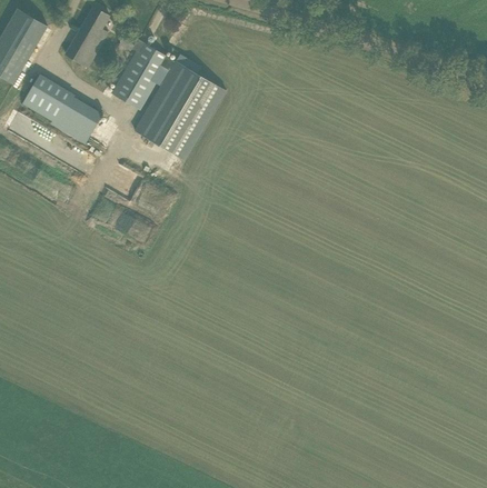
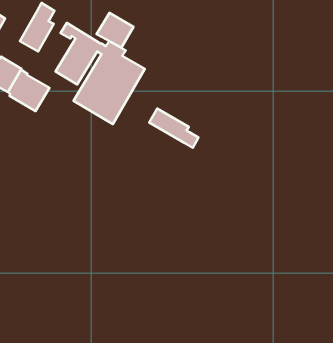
building: none -> [96,13,134,48]
building: none -> [149,108,198,148]

